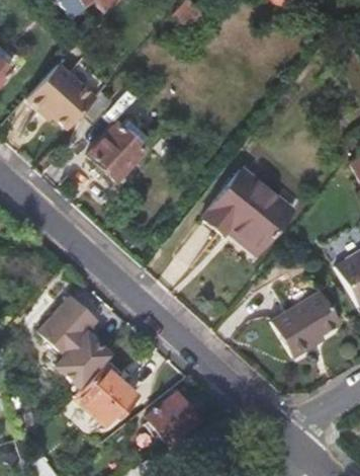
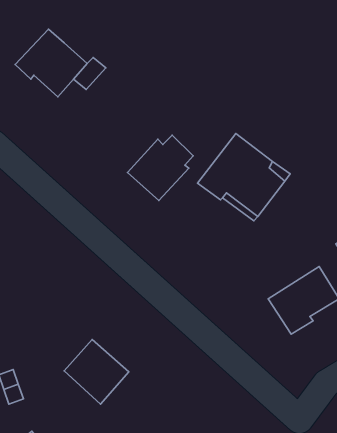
building: [87,117,151,181] -> [128,135,193,201]
building: [38,297,110,388] -> none
building: [147,393,198,445] -> none

